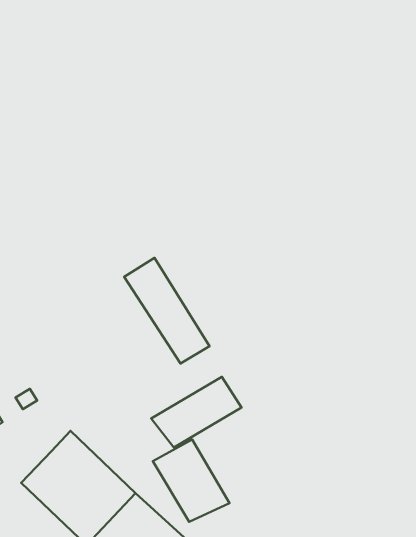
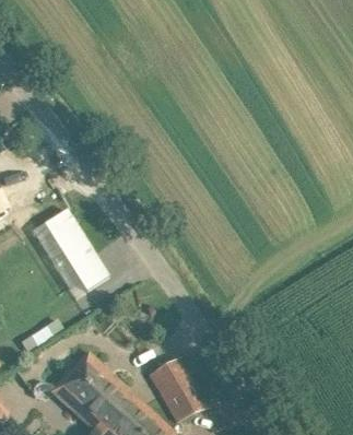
building: [124,258,210,364] -> [42,212,106,292]
building: [151,377,242,447] -> none

